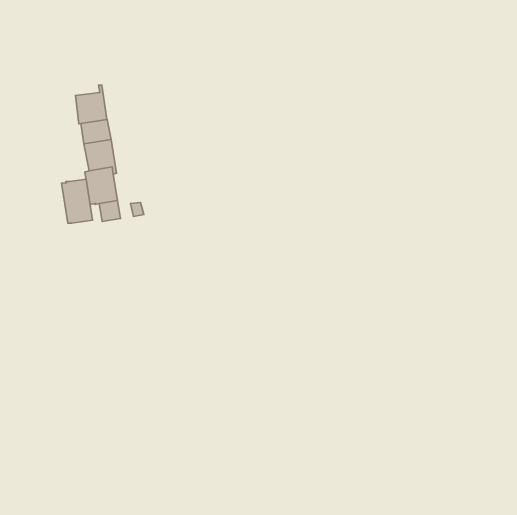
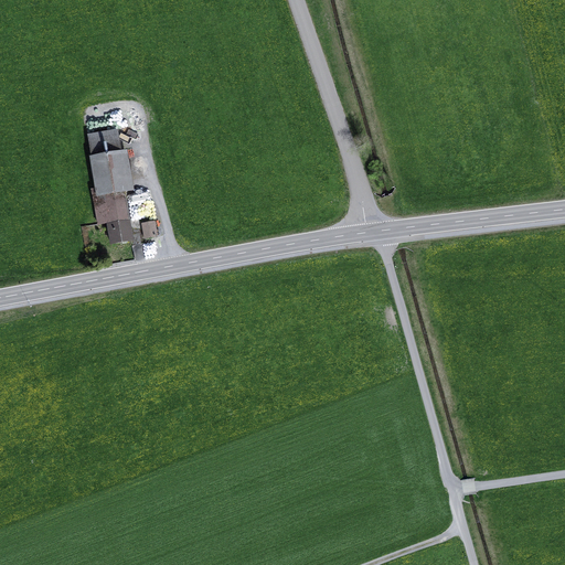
building: [76,85,107,124] -> none
building: [62,179,93,223] -> none

